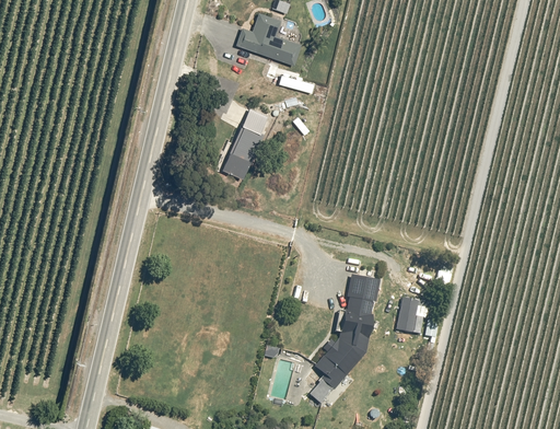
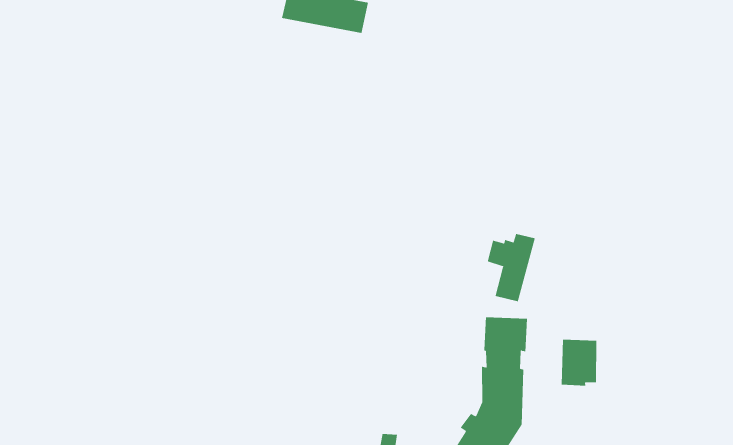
building: [222,108,268,181] -> none
building: none -> [487,233,536,302]

